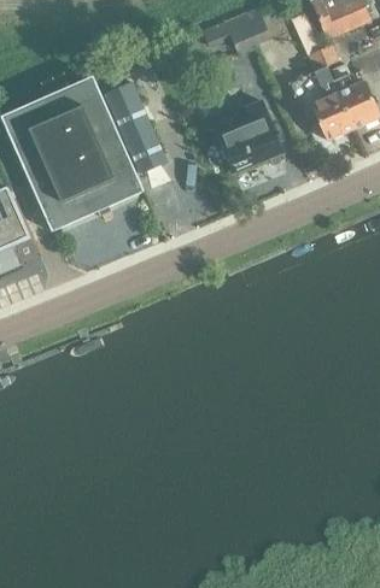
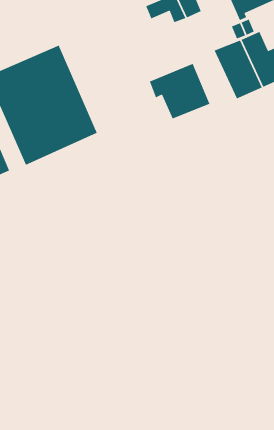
building: [104,78,168,171] -> none

